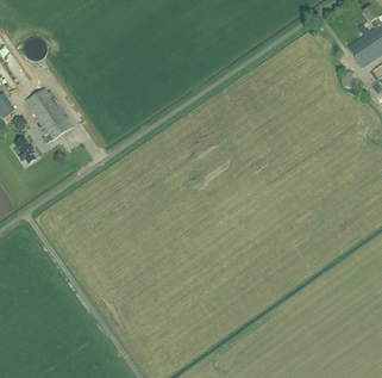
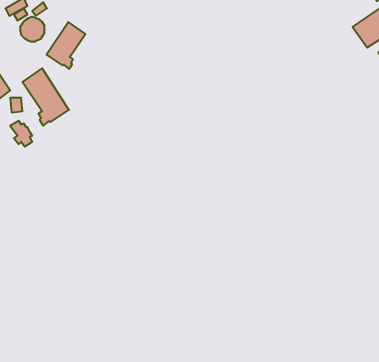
building: none -> [47,22,85,69]

